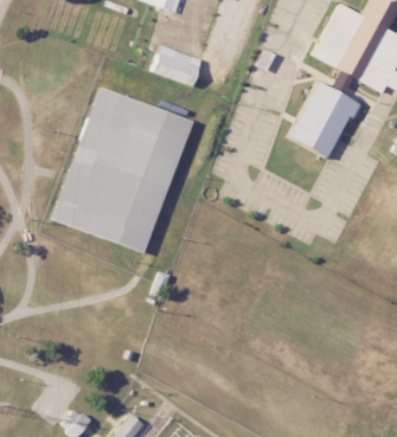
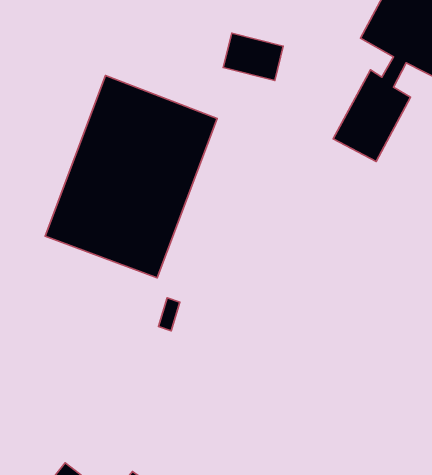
building: [147,45,197,84] -> [223,33,283,80]

